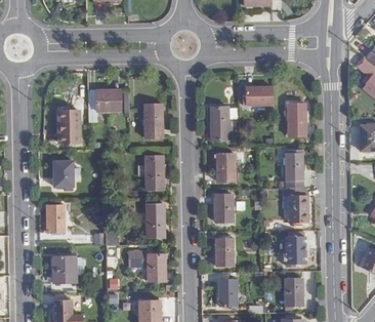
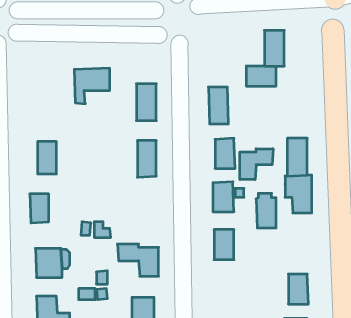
building: [285,105,303,137] -> [264,30,284,66]
building: [66,109,83,143] -> none
building: none -> [240,149,273,180]
building: [147,204,164,238] -> none
building: [286,232,304,264] -> [256,193,276,228]
building: [219,279,238,307] -> none

